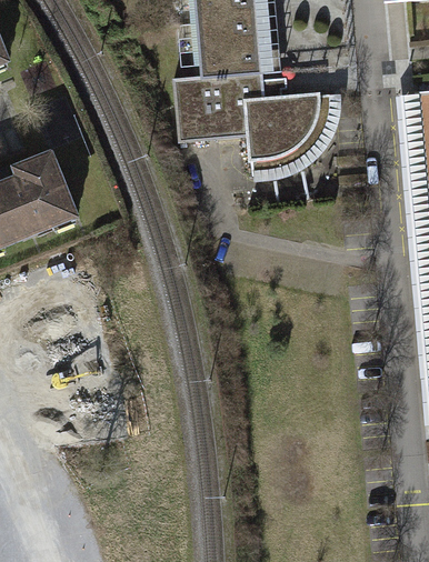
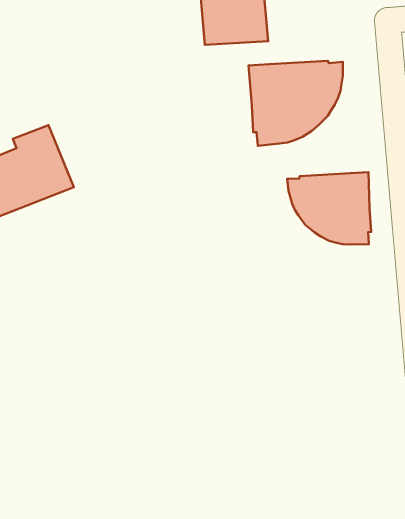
building: [173,71,263,139] -> none
building: none -> [287,172,371,245]

